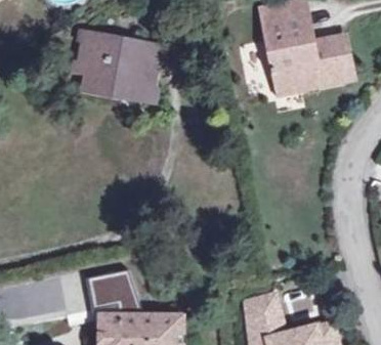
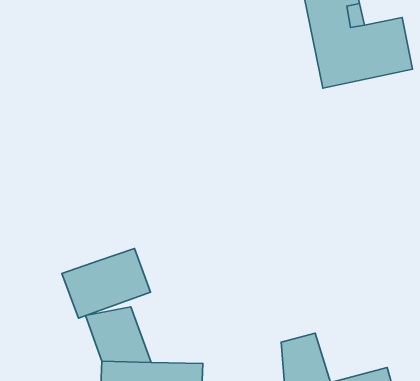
building: [73,31,161,100] -> none
building: none -> [62,248,151,318]

